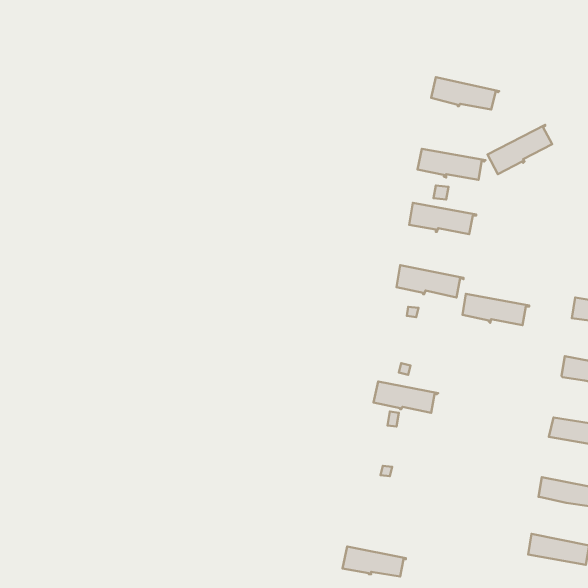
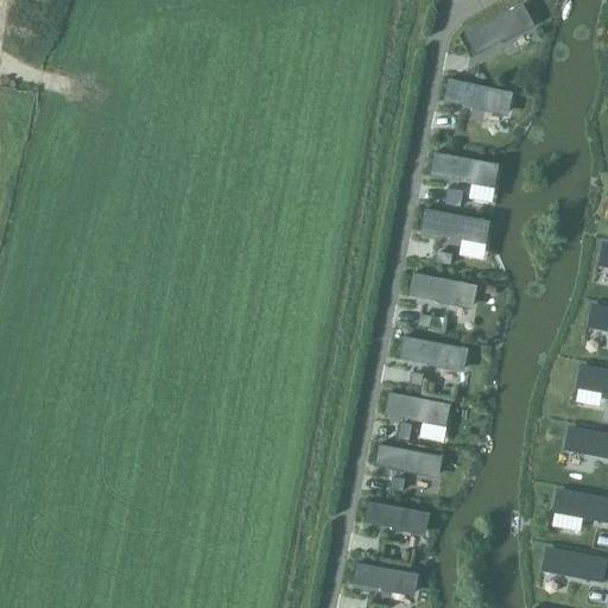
building: [488,125,552,174] -> [466,5,532,56]
building: [462,294,529,325] -> [401,337,470,369]
building: none -> [375,444,445,476]
building: none -> [365,501,431,533]

